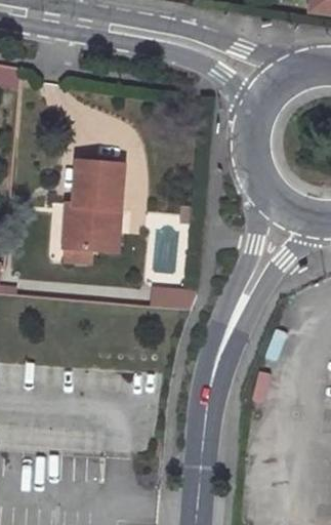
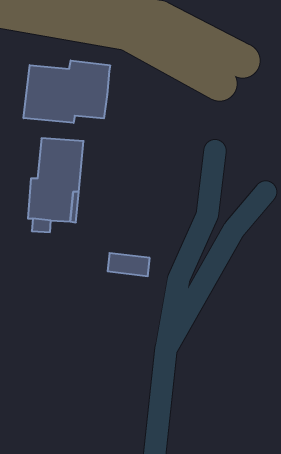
building: none -> [24,60,110,123]

